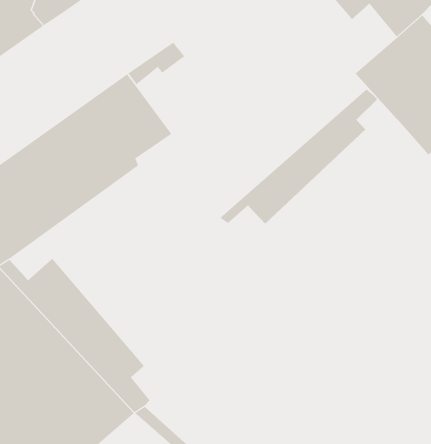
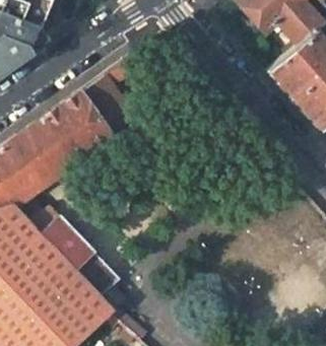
building: [219,88,378,225] -> none

